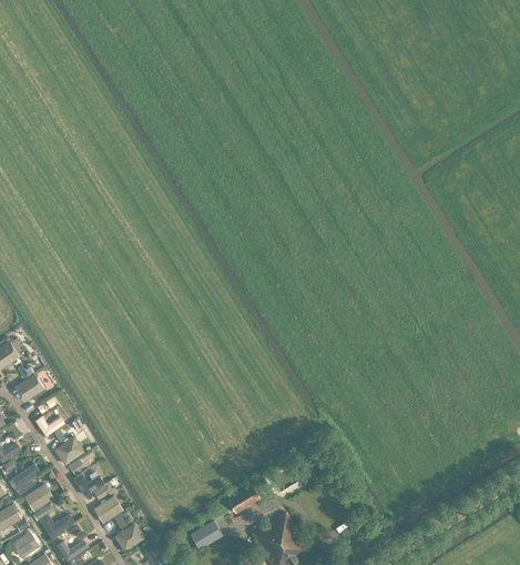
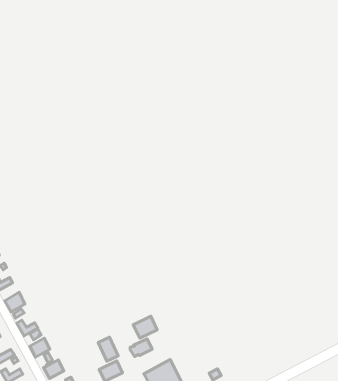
building: none -> [133,316,157,338]
building: none -> [98,337,118,361]

